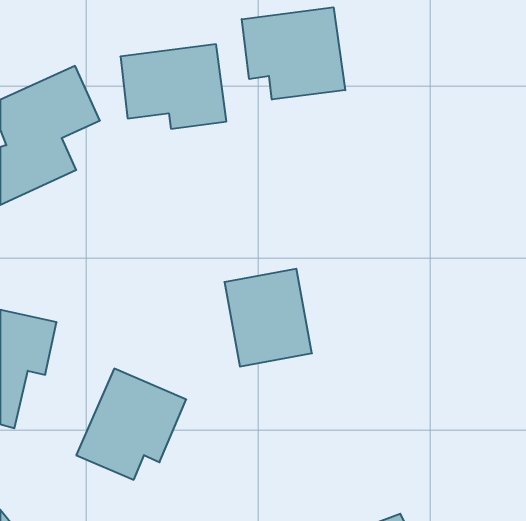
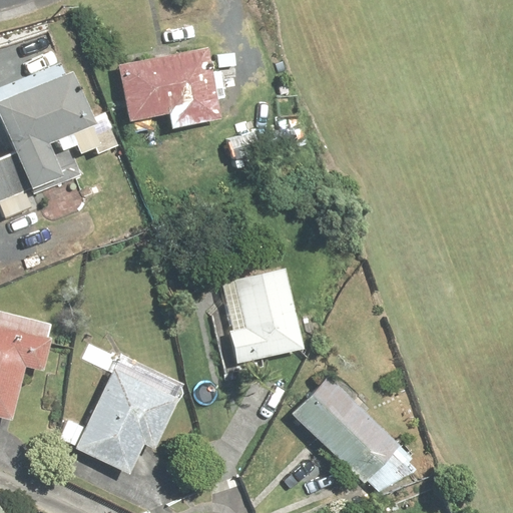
building: [242,7,345,100] -> none
building: none -> [288,371,410,497]

